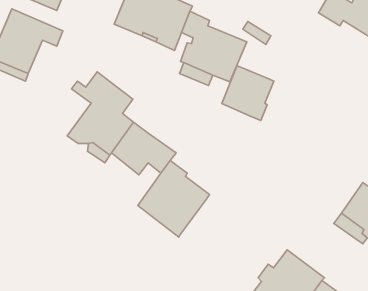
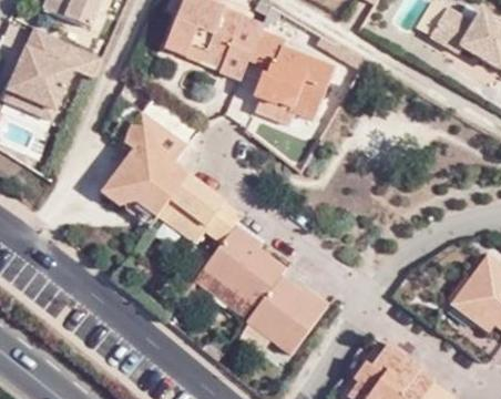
building: [222,65,274,121] -> none
building: none -> [248,275,330,356]

